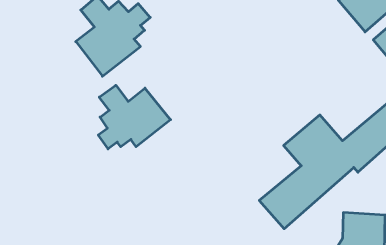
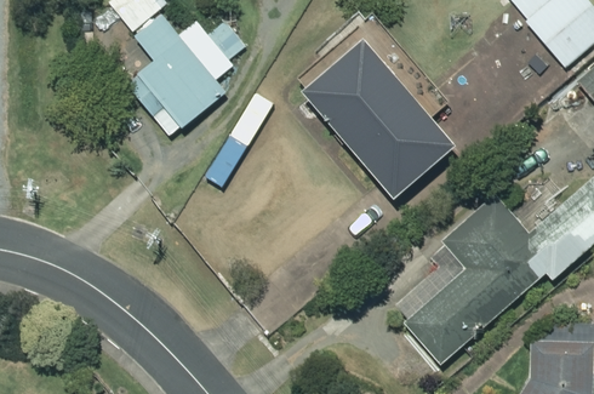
building: none -> [305,36,459,198]
building: [98,85,171,149] -> none

